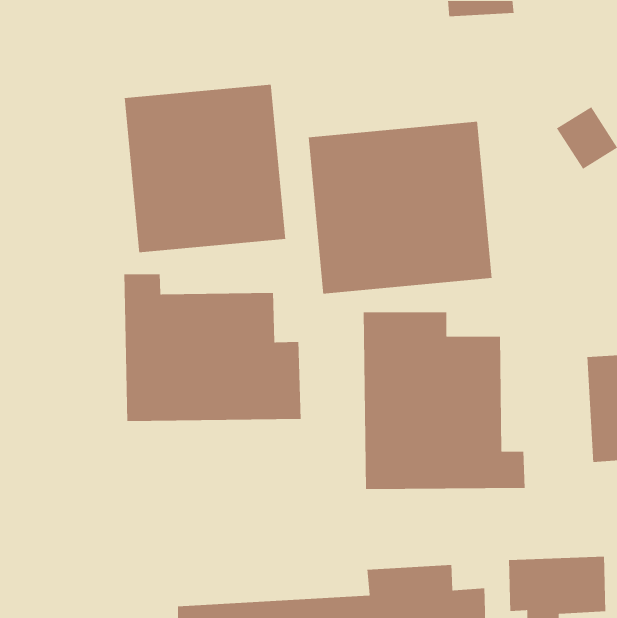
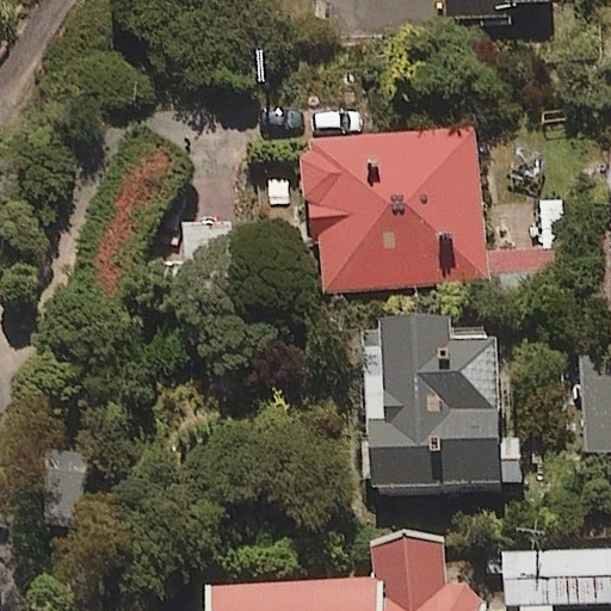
building: [124,84,286,253] -> none
building: [123,273,301,422] -> none

